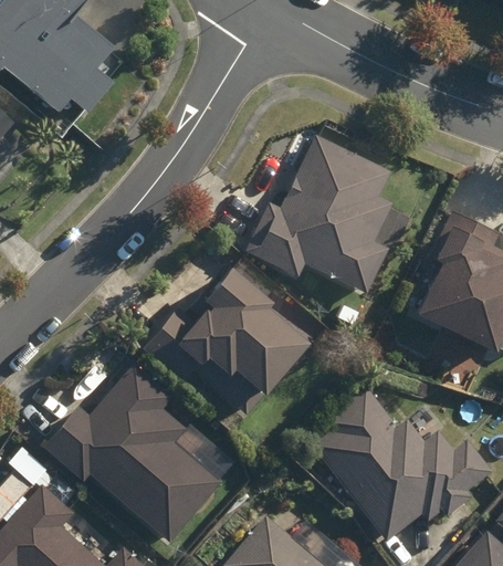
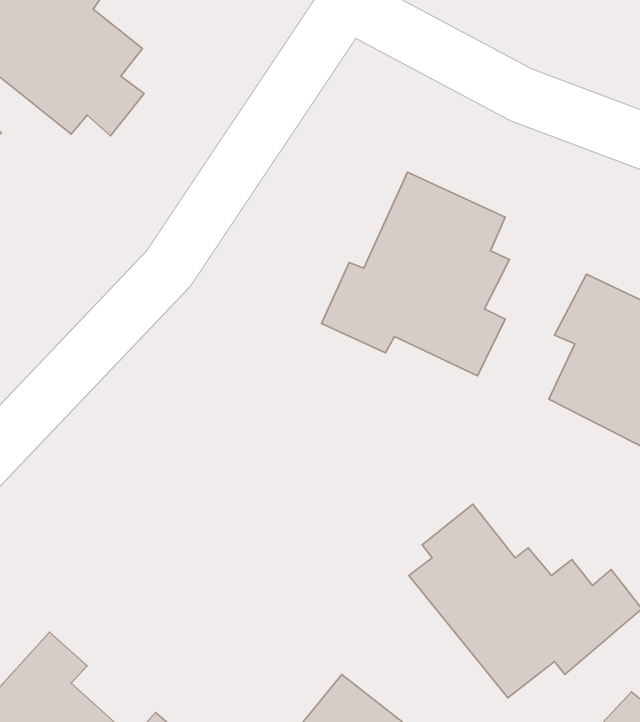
building: [145,266,311,412] -> none
building: [45,365,222,539] -> none

